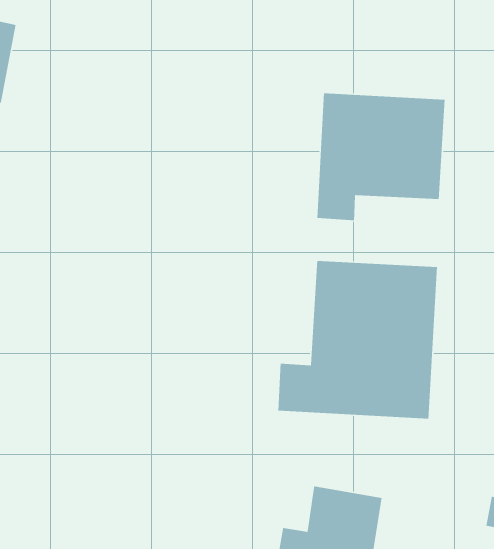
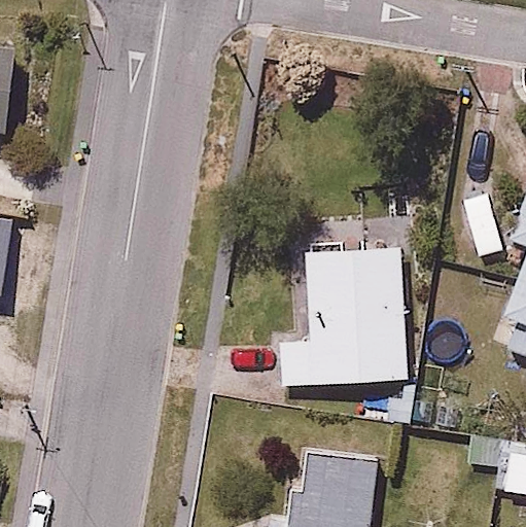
building: [316,93,445,221] -> none

